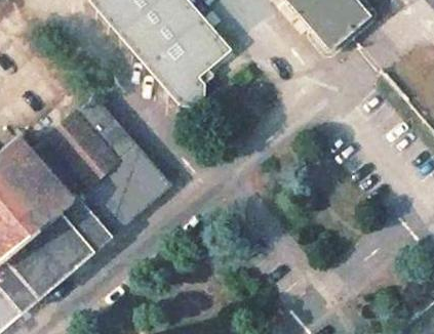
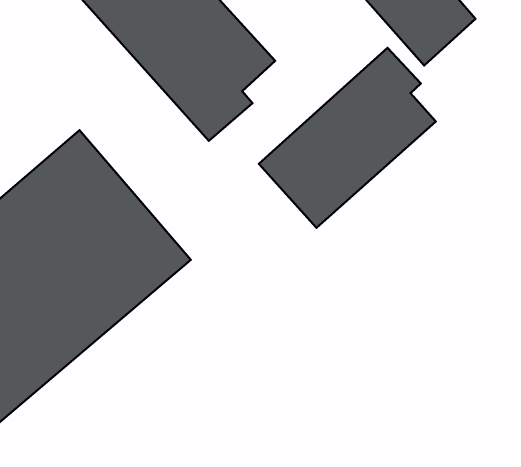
building: none -> [259,48,436,228]

